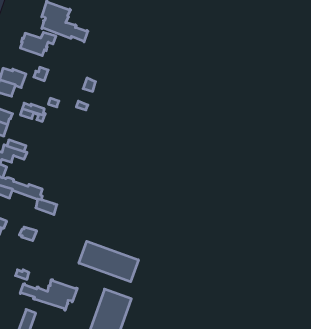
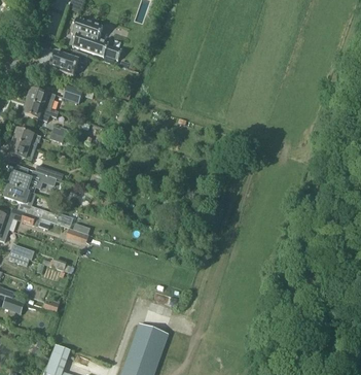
building: [79,241,138,282] -> none
building: [20,280,77,310] -> none

